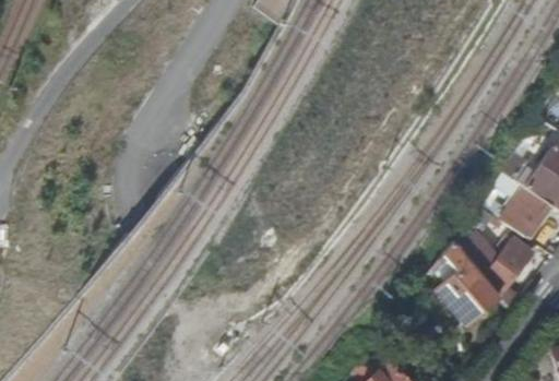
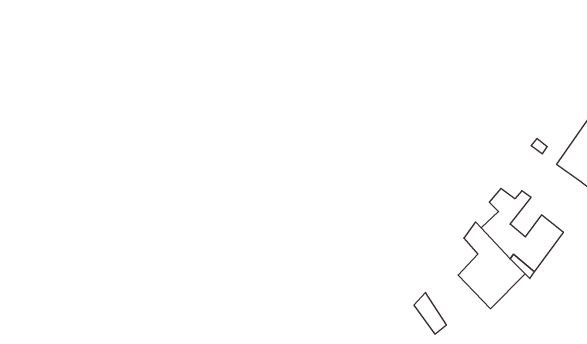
building: [503,189,550,238] -> none

